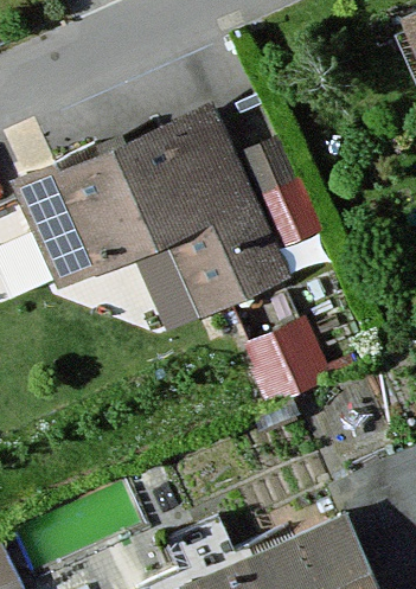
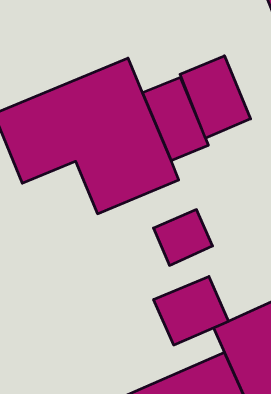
building: none -> [180,56,251,138]
building: none -> [154,276,228,345]

